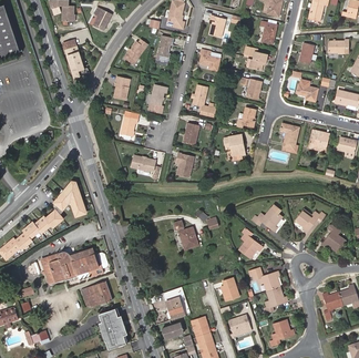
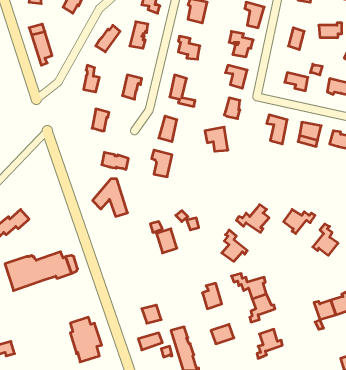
building: [53,182,85,216] -> [93,179,128,216]
building: [81,282,111,307] -> none

